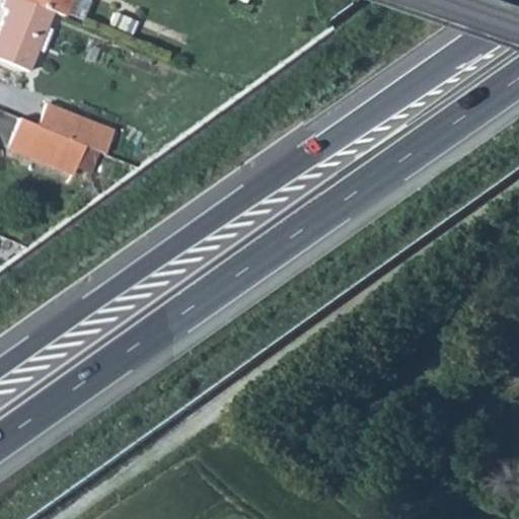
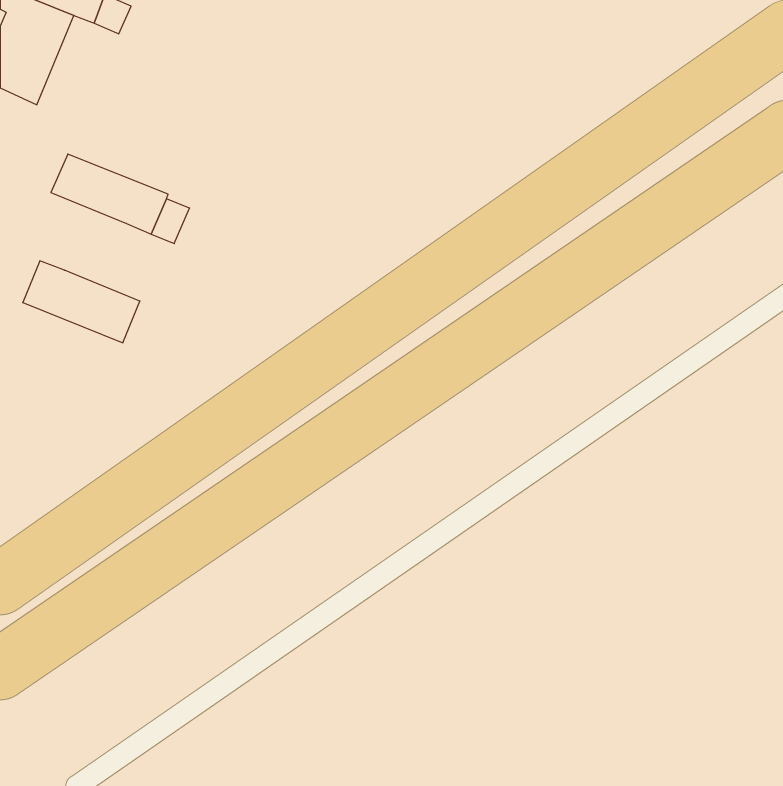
building: [9,121,86,174] -> [23,261,140,343]

